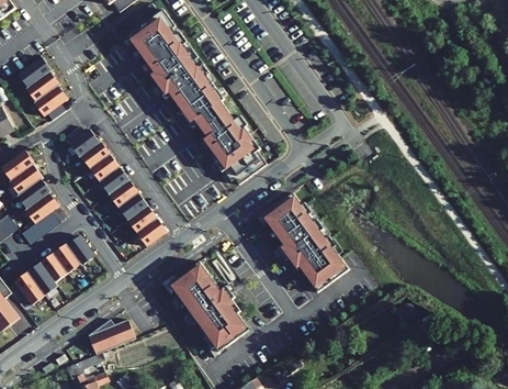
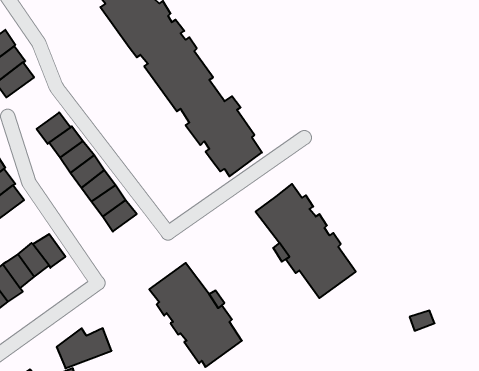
building: [136,219,167,247] -> none

